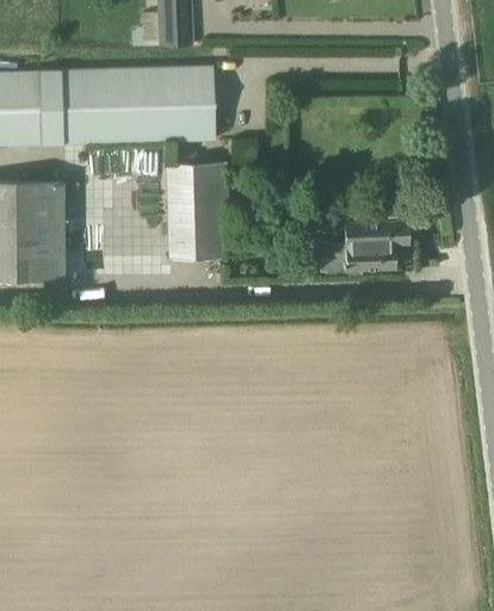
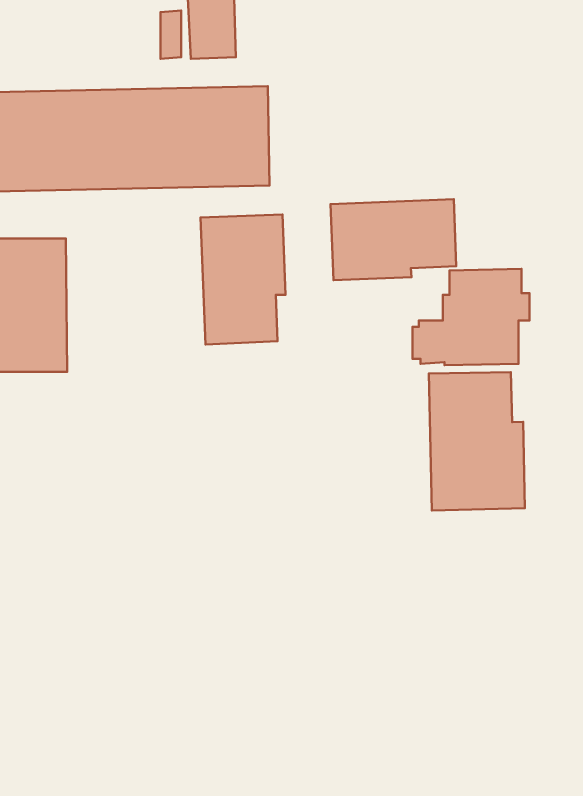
building: none -> [330,199,456,280]
building: none -> [429,372,525,510]

